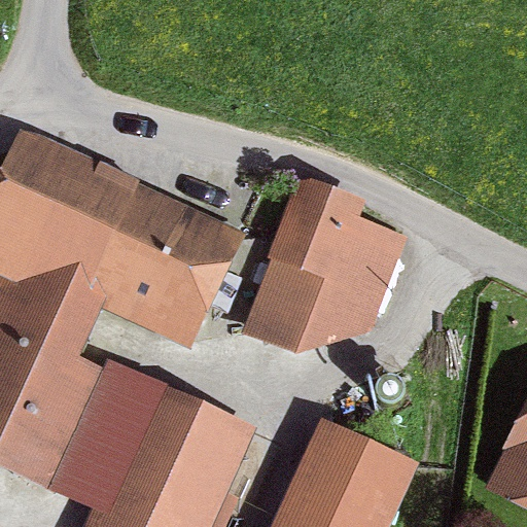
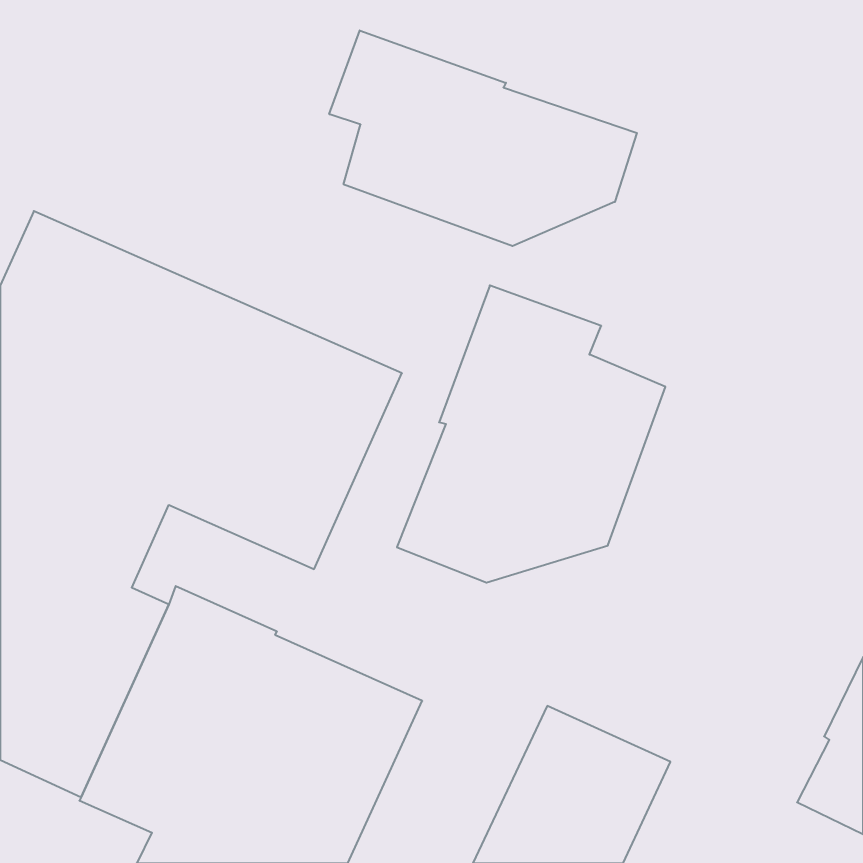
building: none -> [329,30,637,246]

